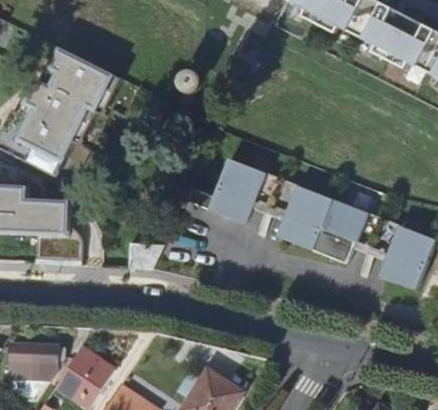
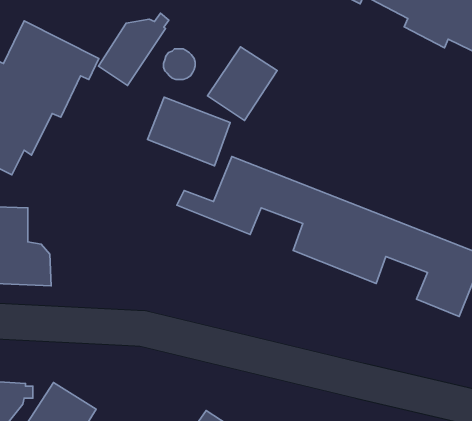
building: none -> [98,13,169,85]
building: none -> [208,47,277,121]
building: none -> [147,97,230,166]

